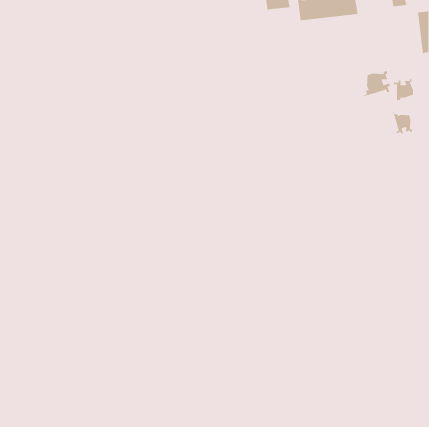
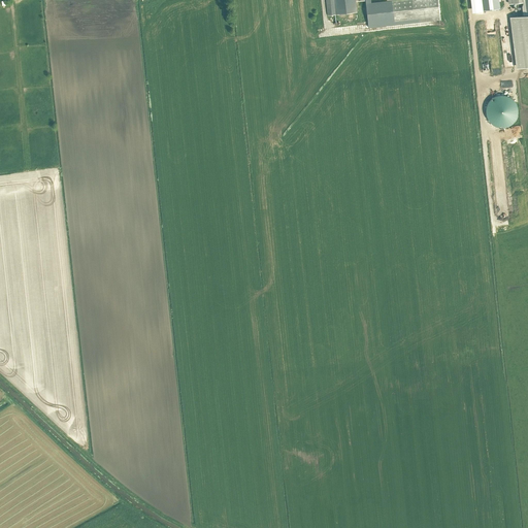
building: [363,70,390,97] -> none
building: [393,111,413,134] -> none

